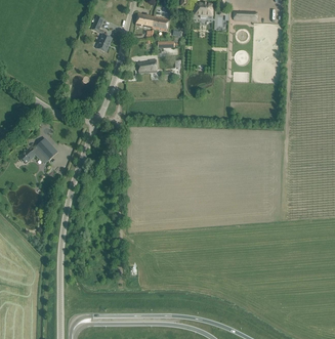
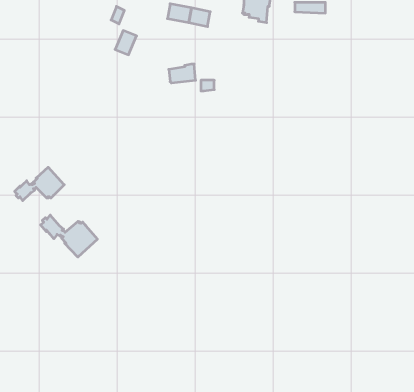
building: none -> [41,215,97,257]

